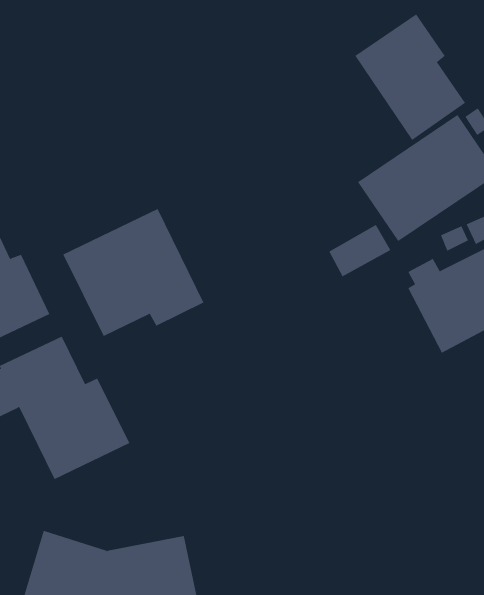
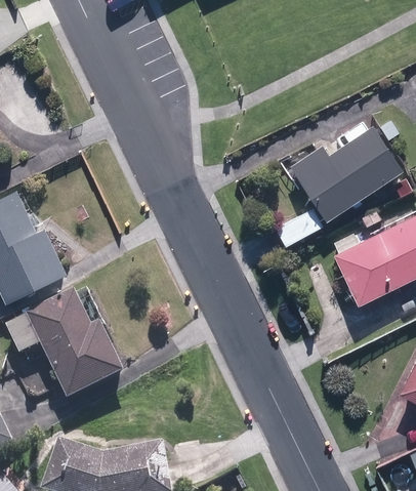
building: [354,13,466,141] -> none
building: [62,208,204,337] -> none

